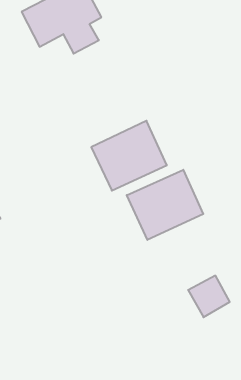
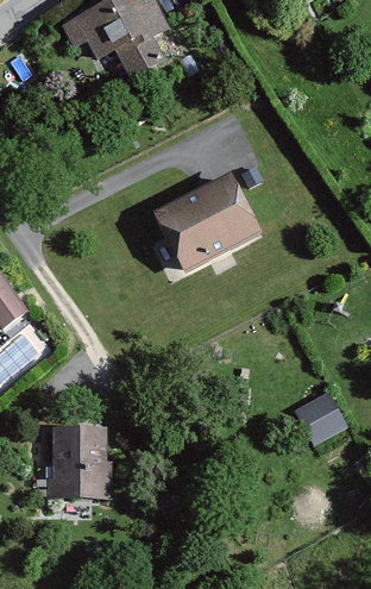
building: [127,170,203,240] -> none
building: none -> [50,422,111,494]

